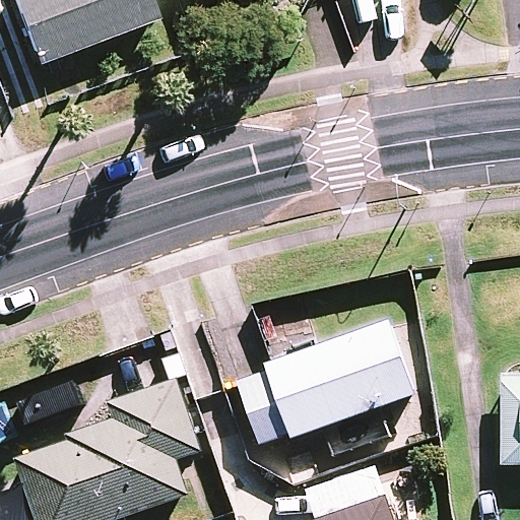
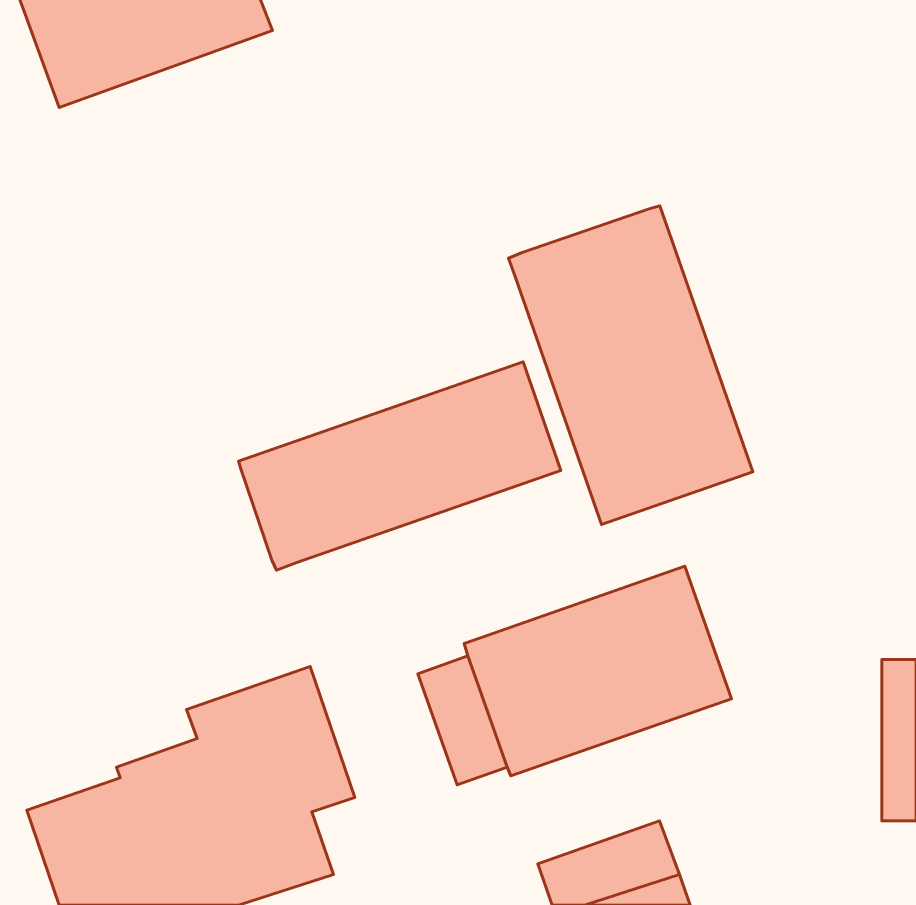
building: none -> [509,206,753,525]
building: none -> [239,362,561,570]

